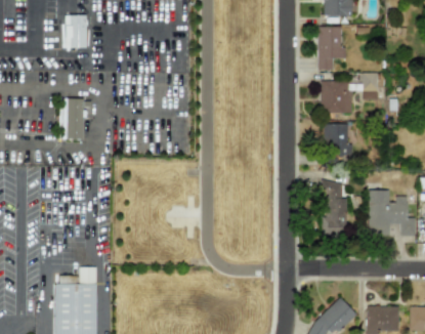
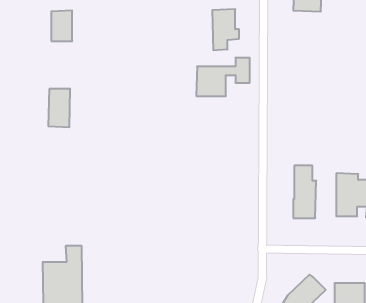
building: [317,26,346,70] -> [212,9,239,50]
building: [321,72,378,113] -> [196,58,250,96]
building: [325,122,353,163] -> none

